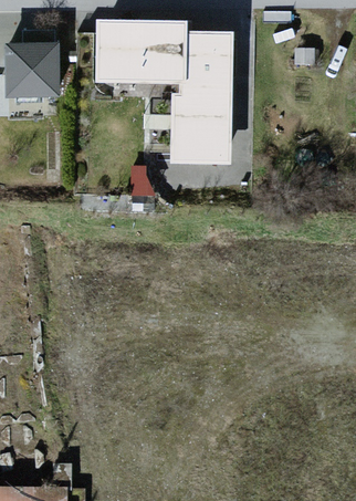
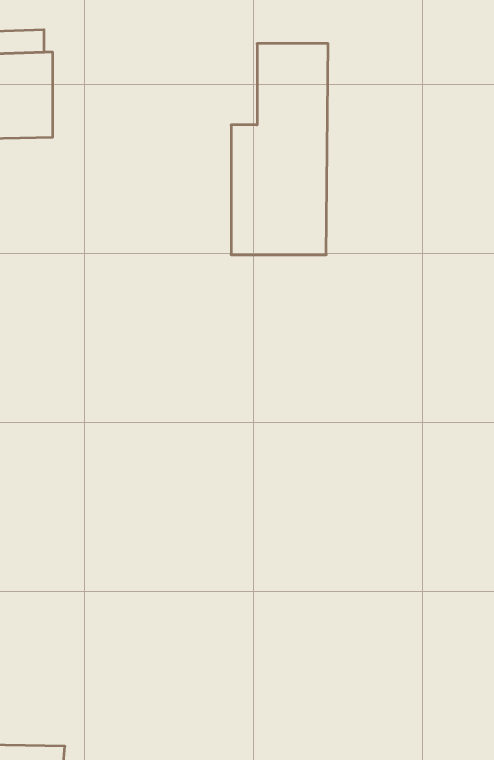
building: [97,24,188,88] -> none

